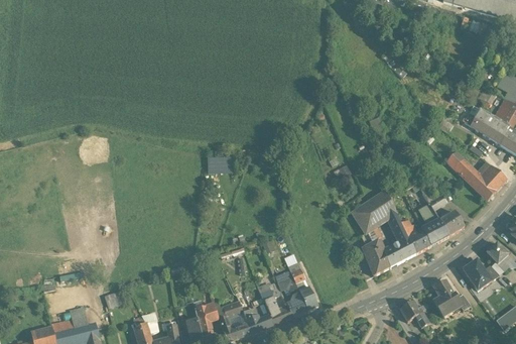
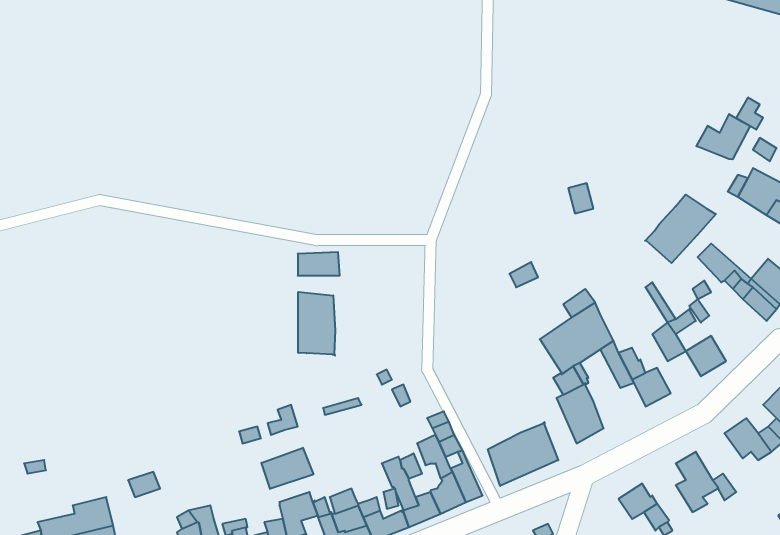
building: none -> [696,114,750,159]
building: none -> [645,195,716,263]
building: none -> [298,292,335,356]
building: [422,219,448,244] -> none
building: [384,238,415,265] -> none
building: none -> [488,422,558,486]
building: none -> [261,448,313,489]

